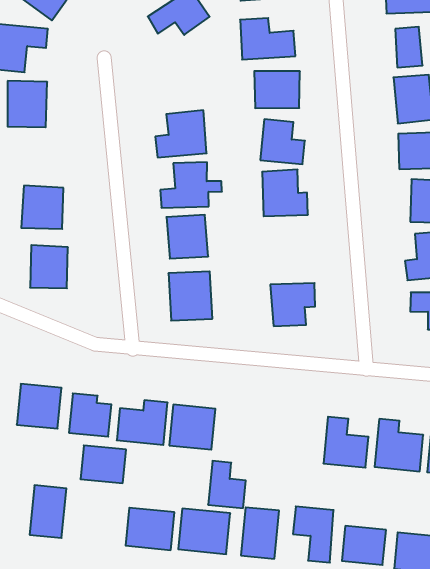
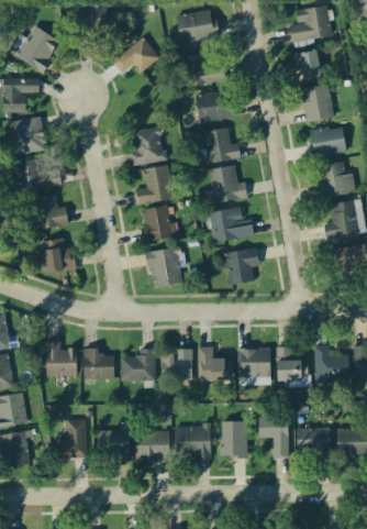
building: none -> [18,158,62,192]
building: none -> [211,208,254,242]
building: none -> [238,348,270,378]
building: [80,445,126,483] -> [98,430,130,455]
building: [208,461,246,508] -> [199,348,225,381]

